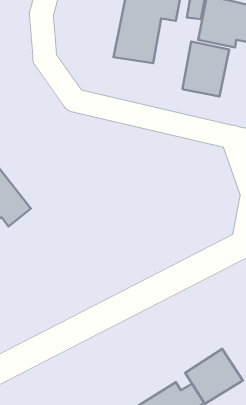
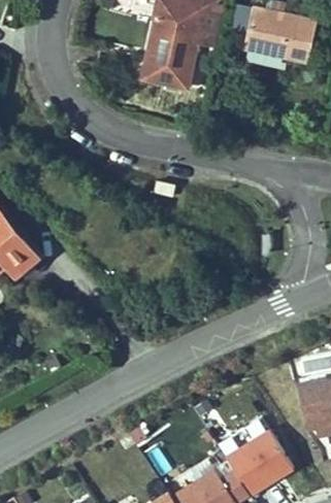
building: [182,42,229,96] -> none

